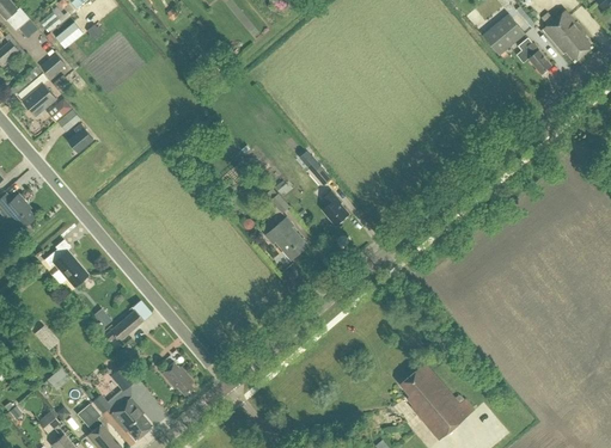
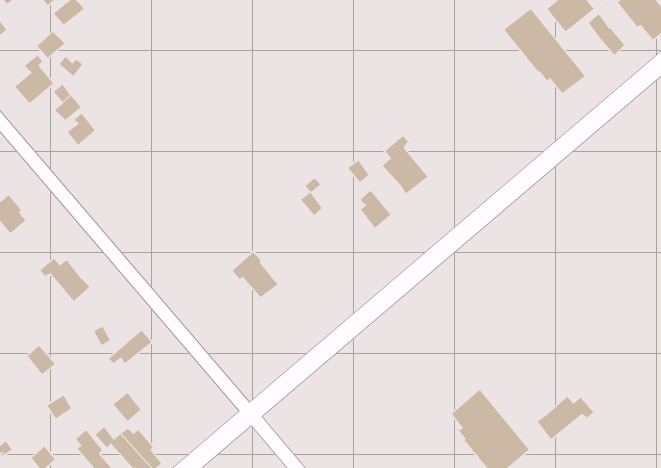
building: none -> [503,8,586,94]
building: none -> [382,135,429,195]
building: [267,216,307,257] -> [231,251,278,298]
building: [160,363,193,395] -> none
building: none -> [537,396,594,440]

